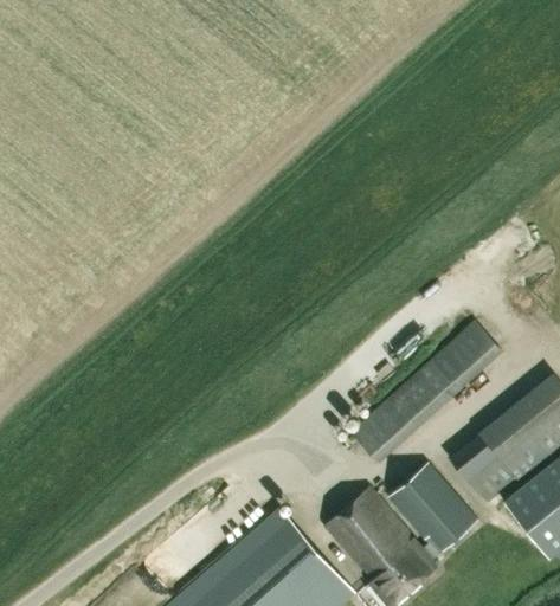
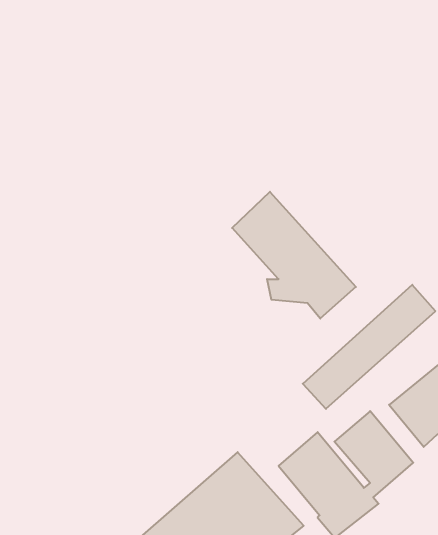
building: none -> [232,192,356,319]

